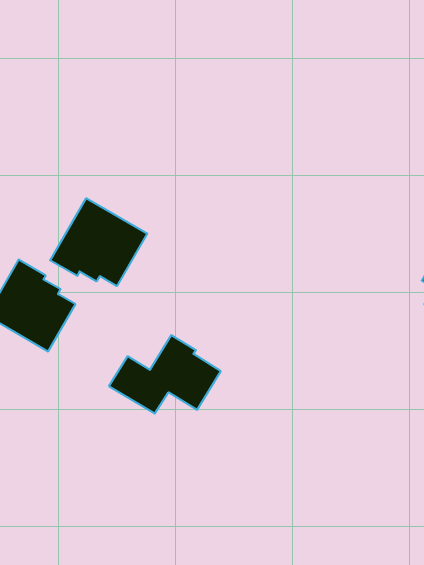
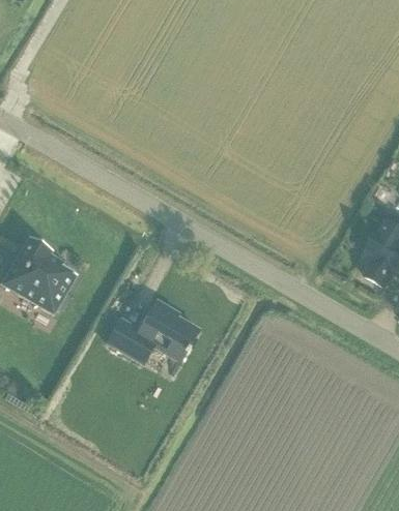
building: [50,198,147,286] -> none

